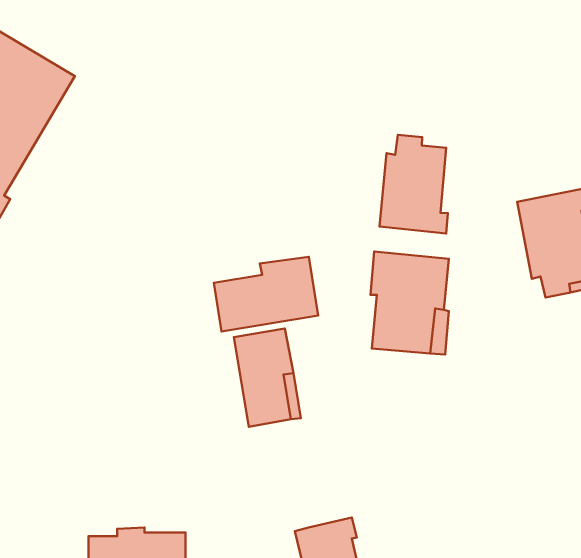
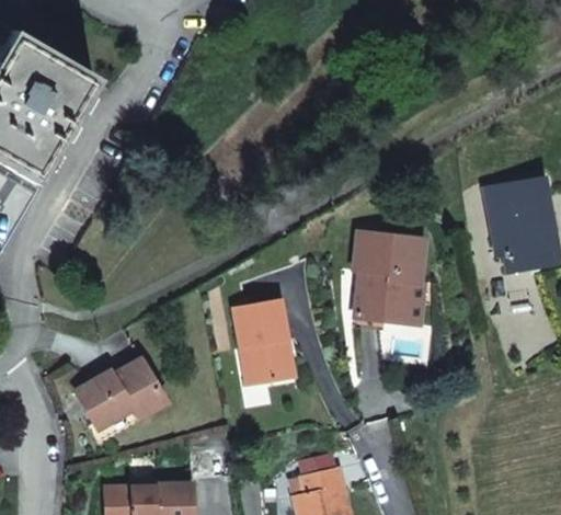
building: [379,135,448,233] -> none
building: [214,257,318,332] -> none
building: none -> [76,356,165,426]

